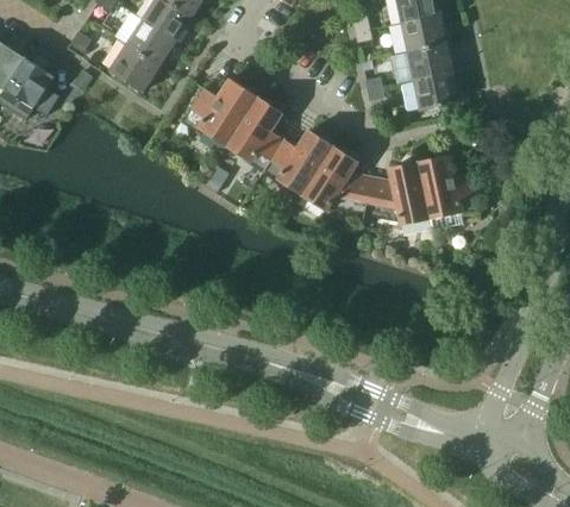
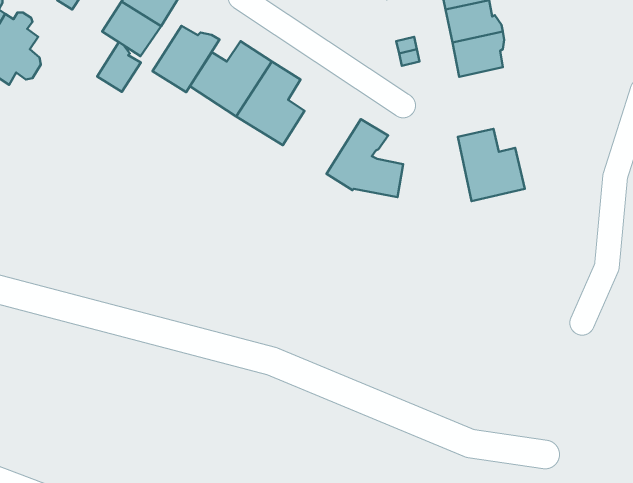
building: none -> [152,26,220,92]
building: none -> [97,42,141,92]
building: [264,129,332,194] -> none
building: [364,162,428,224] -> none

